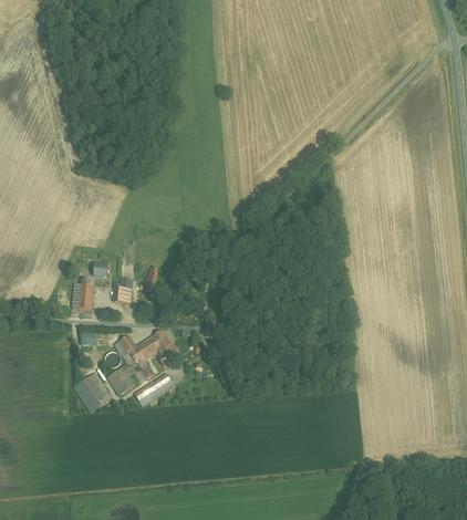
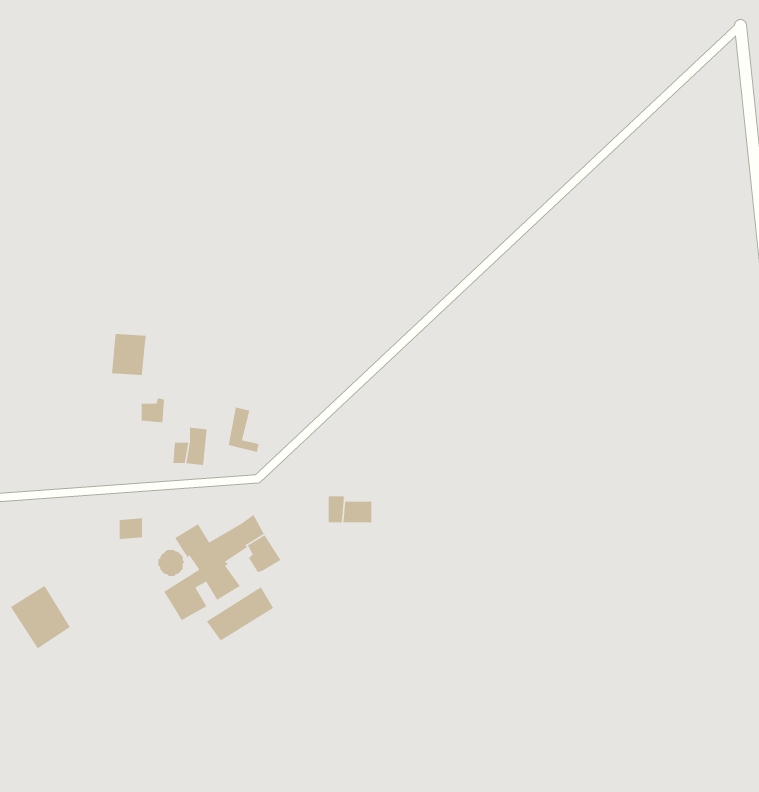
building: [71,283,92,309] -> [111,333,146,376]
building: [74,373,111,412] -> [10,585,71,650]

